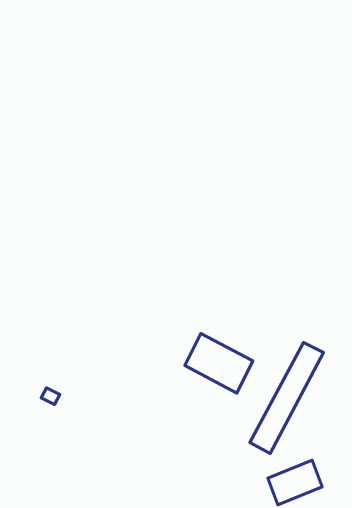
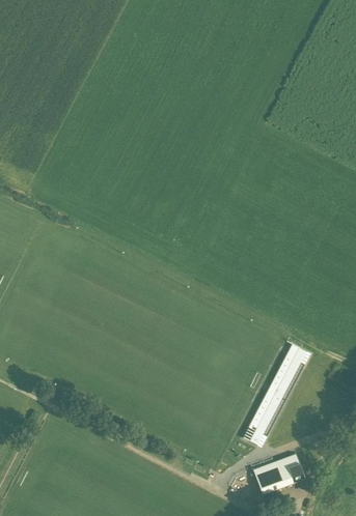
building: [185,333,253,393] -> none

